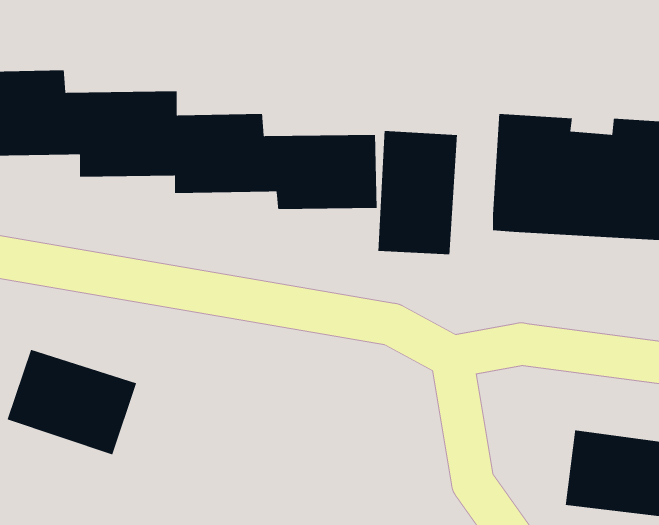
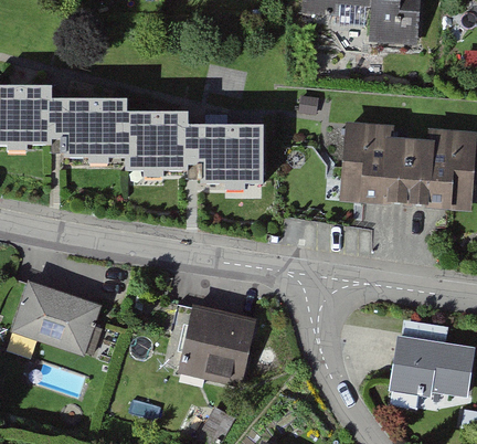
building: [378,130,458,255] -> none
building: none -> [177,302,257,384]

